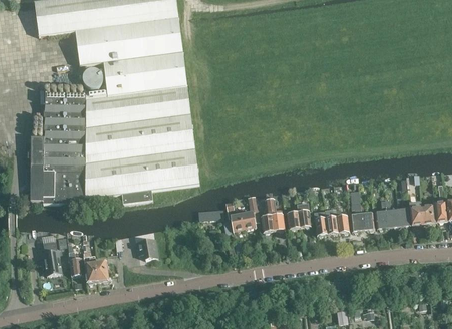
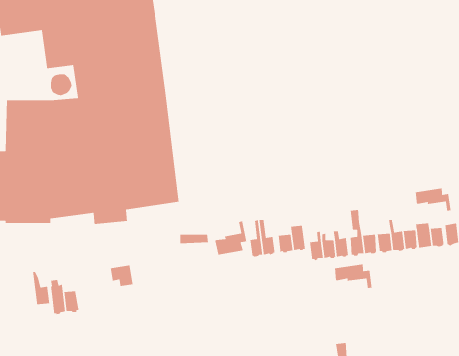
building: none -> [415,187,451,211]
building: none -> [334,264,372,289]
building: [43,242,61,277] -> none

